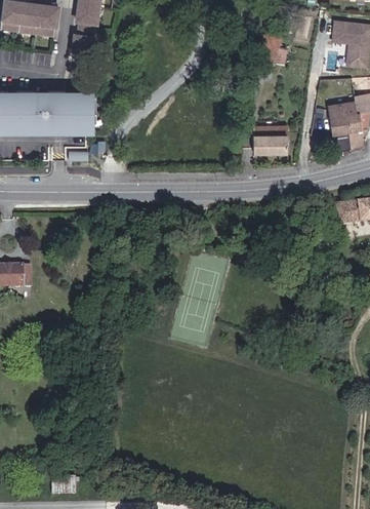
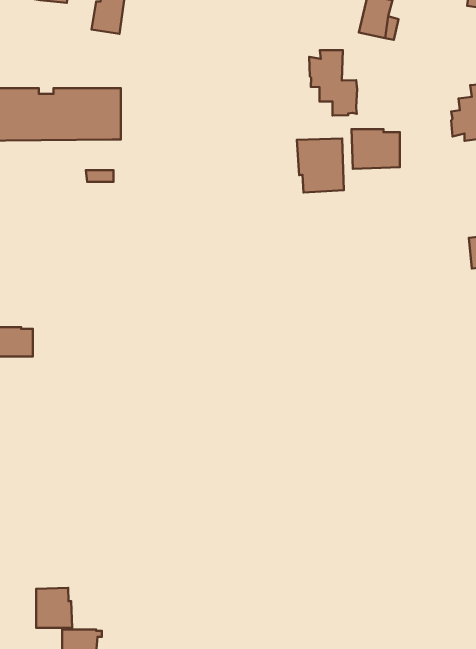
building: none -> [309,50,357,116]
building: none -> [297,139,344,193]
building: none -> [36,588,72,628]

